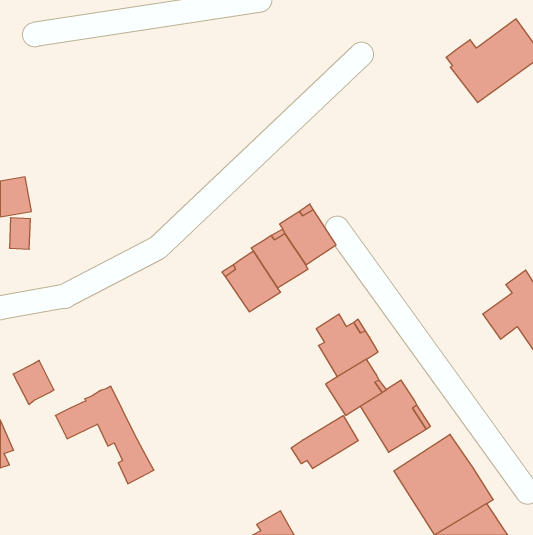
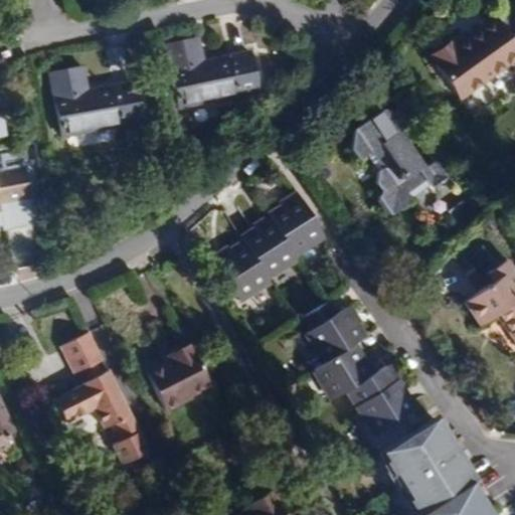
building: none -> [165,37,258,108]
building: none -> [49,66,140,137]
building: none -> [352,109,449,215]
building: none -> [147,343,211,410]
building: [13,360,54,404] -> [64,331,104,373]
building: [291,416,358,469] -> none

